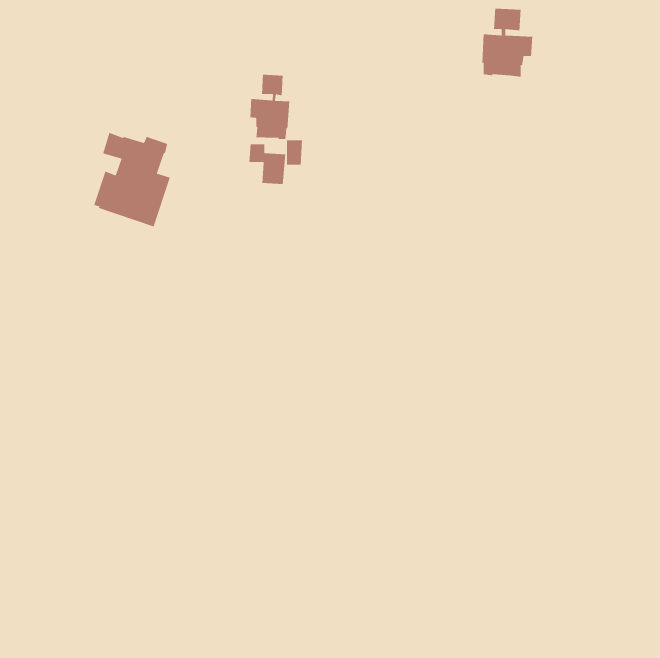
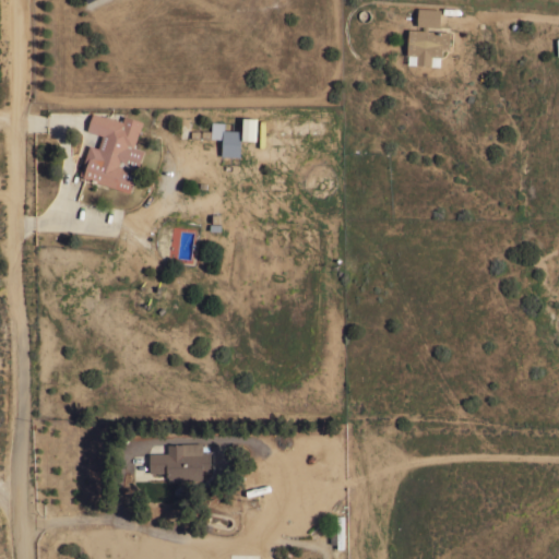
building: [249,74,290,140] -> none
building: none -> [150,444,212,483]

